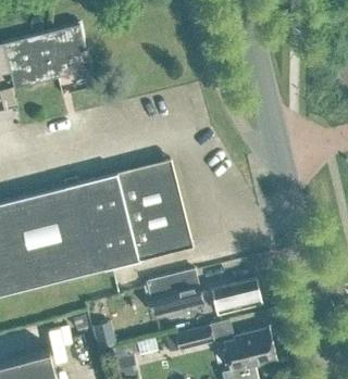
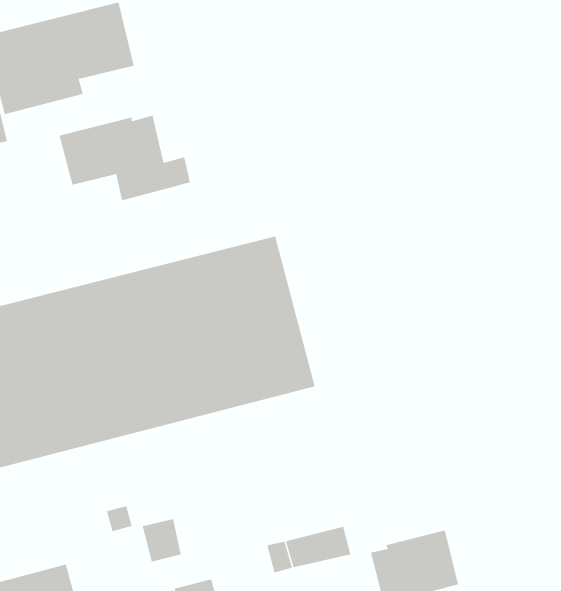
building: none -> [59,115,190,201]
building: [147,273,261,318] -> none

